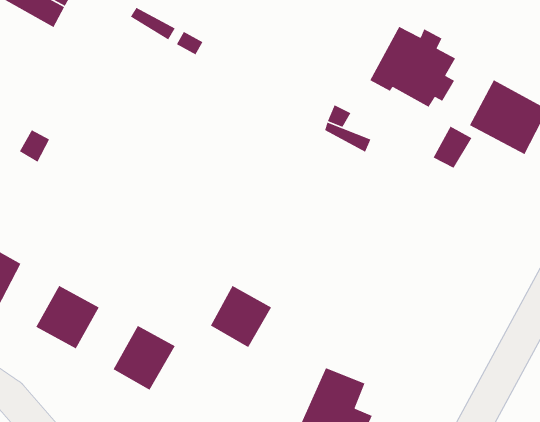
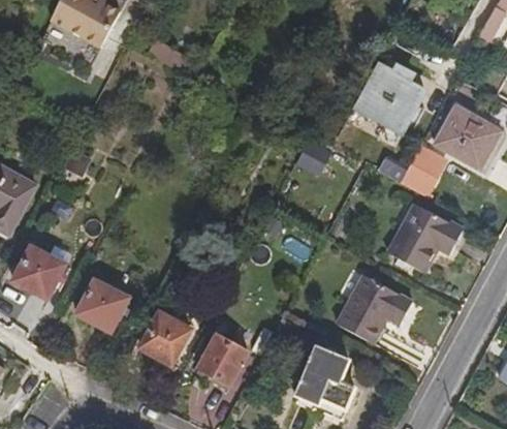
building: none -> [386,203,464,274]
building: none -> [339,274,414,345]
building: [210,285,272,348] -> [196,333,248,386]

